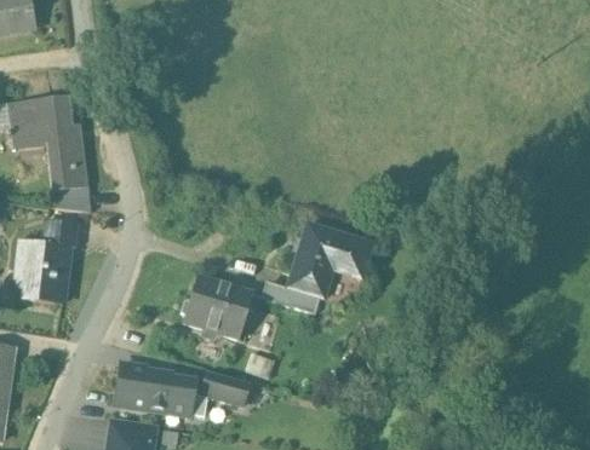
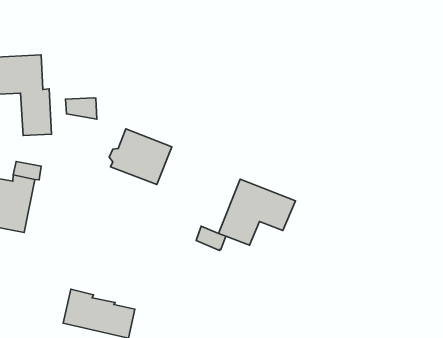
building: [53,186,91,210] -> [65,98,97,119]
building: [181,277,252,339] -> [109,129,172,185]
building: [201,370,248,405] -> none

